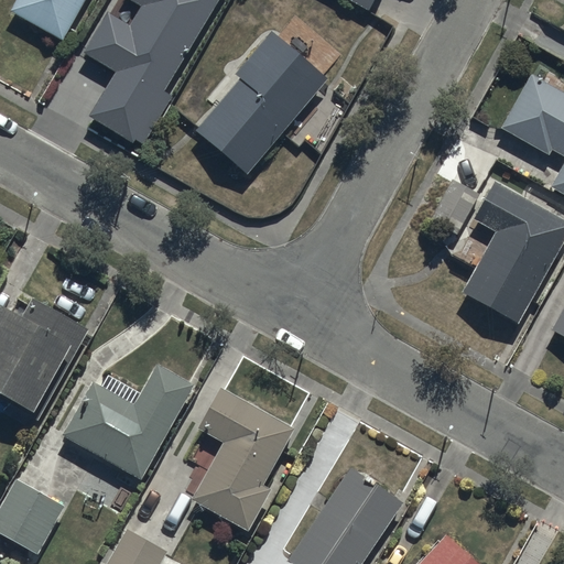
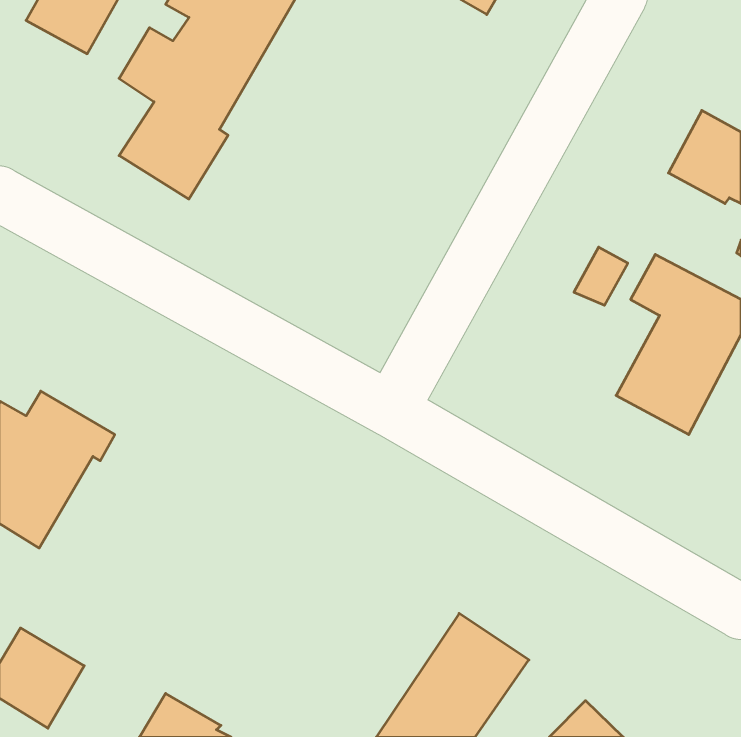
building: [203,43,325,176] -> none
building: [61,361,193,478] -> none
building: [183,384,292,525] -> none

